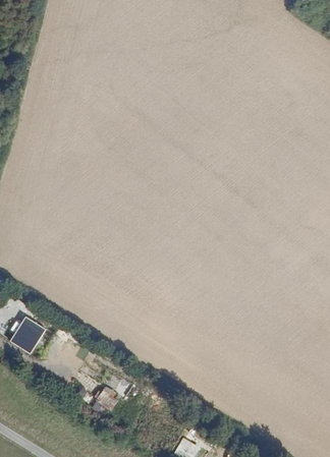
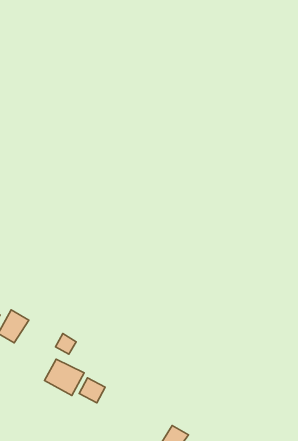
building: none -> [44,359,84,396]

